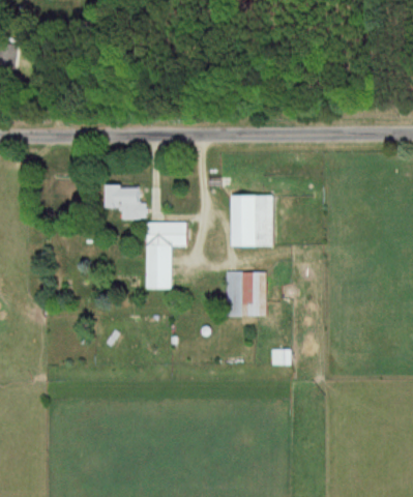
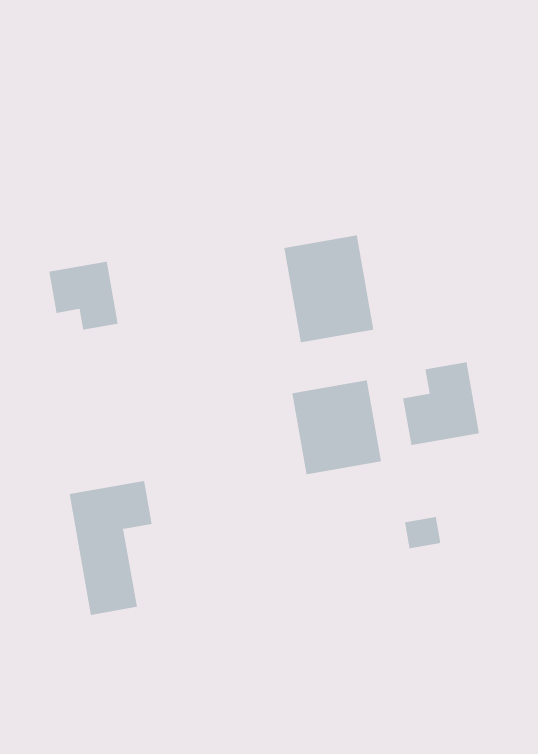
building: [145,223,186,289] -> [69,480,152,615]
building: none -> [402,361,480,446]

